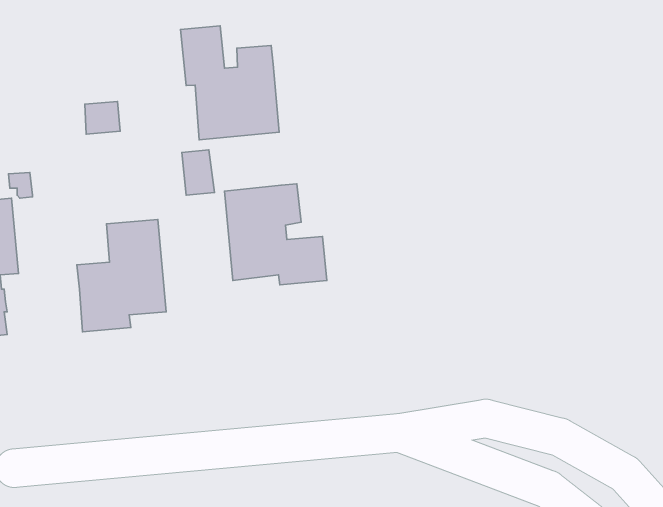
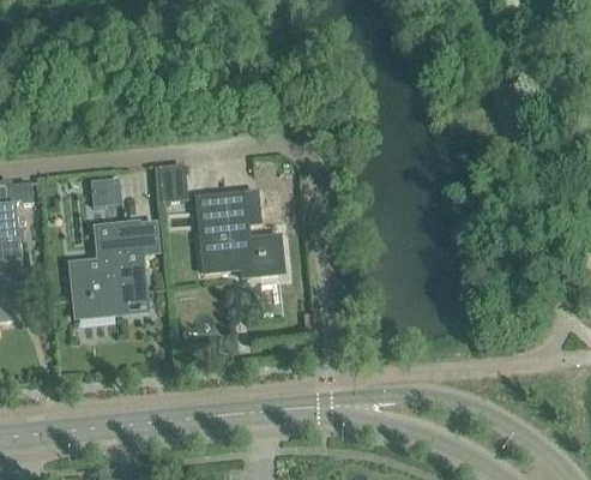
building: [181,26,279,140] -> none
building: [85,101,120,134] -> [92,176,122,204]

